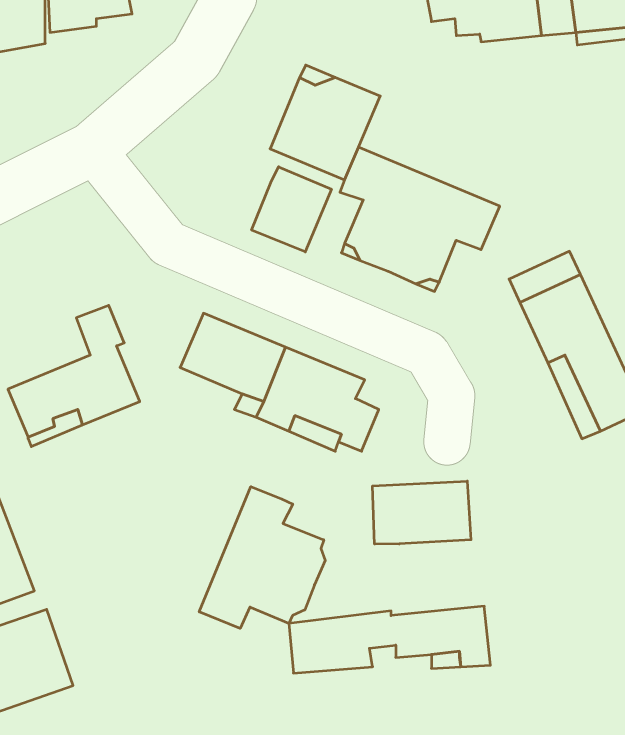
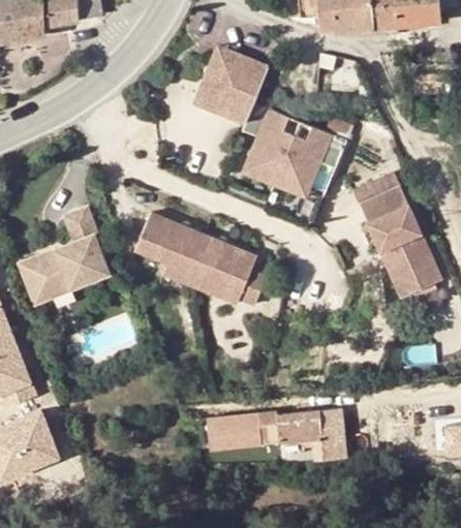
building: [252,167,331,252] -> none
building: [373,481,471,544] -> none
building: [199,487,325,628] -> none

